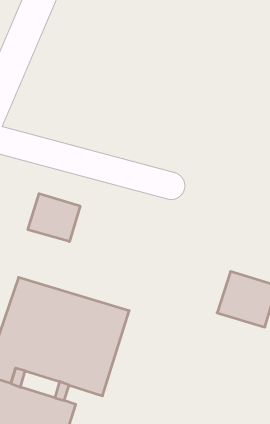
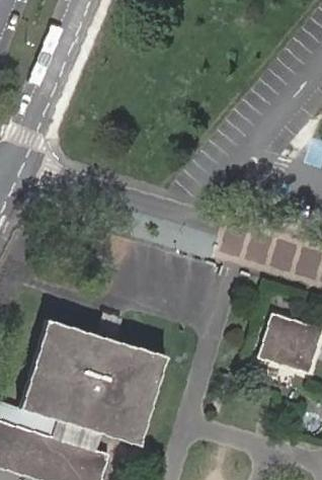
building: [28,194,80,242] -> none

